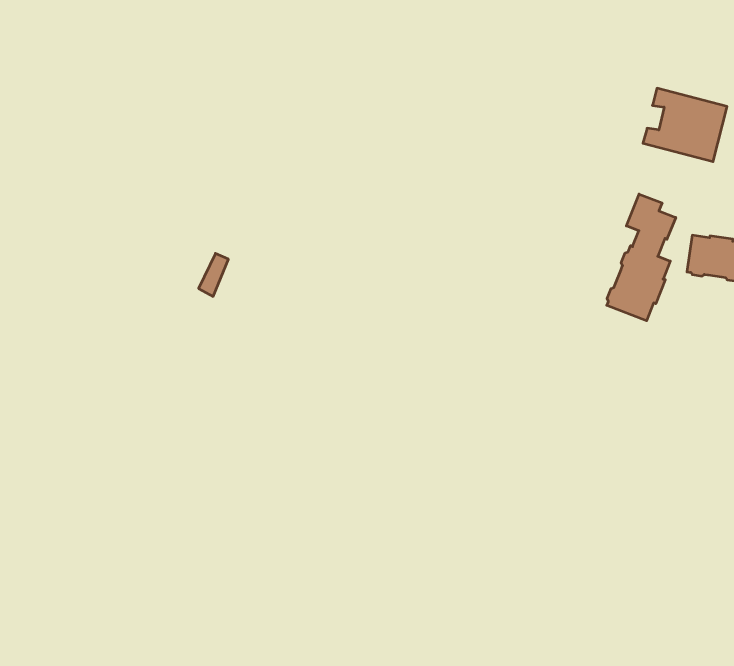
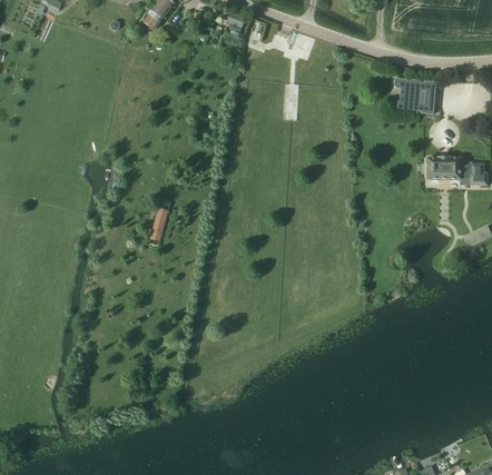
building: [607,194,676,321] -> none

